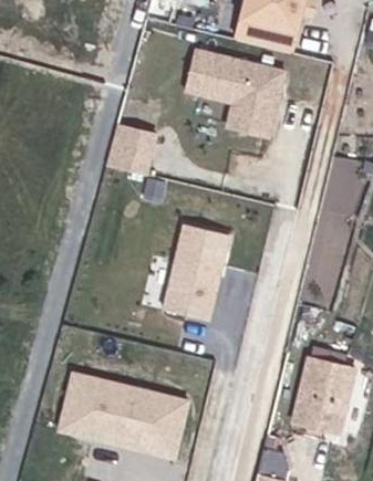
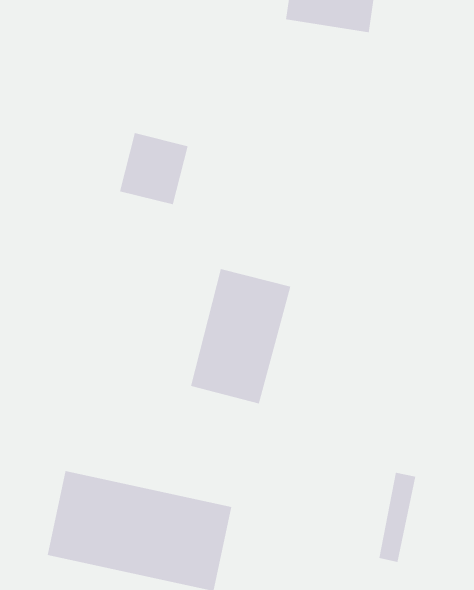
building: [184,49,286,135] -> none
building: [312,373,355,442] -> none

